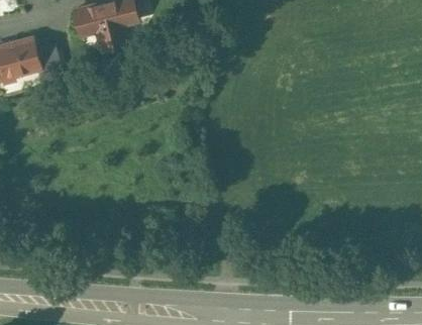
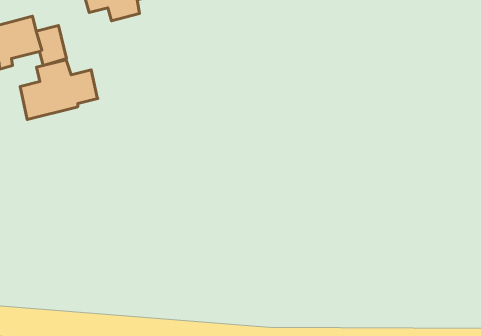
building: none -> [20,60,98,119]

